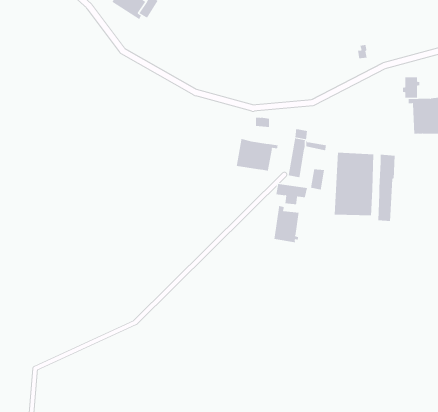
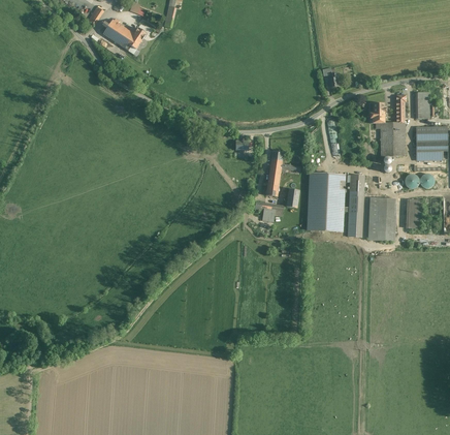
building: [236,138,278,171] -> none
building: none -> [367,197,393,241]
building: [274,205,299,243] -> none

